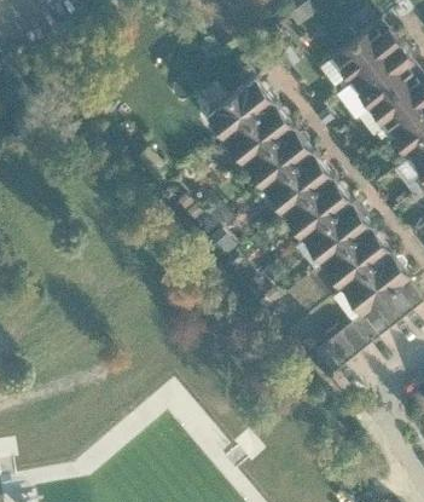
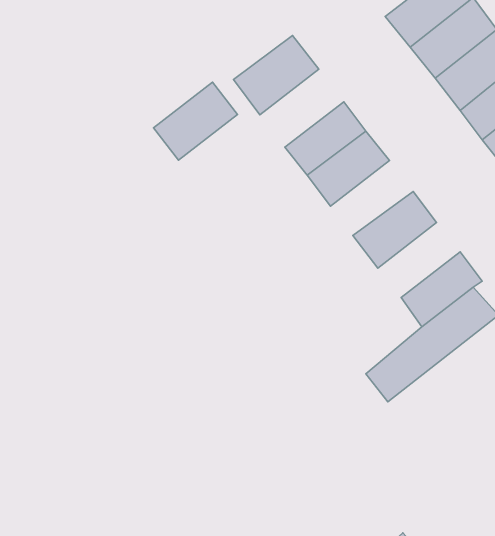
building: [225,99,294,163] -> [153,82,237,160]
building: [283,174,350,236] -> none
building: [321,225,389,287] -> none

